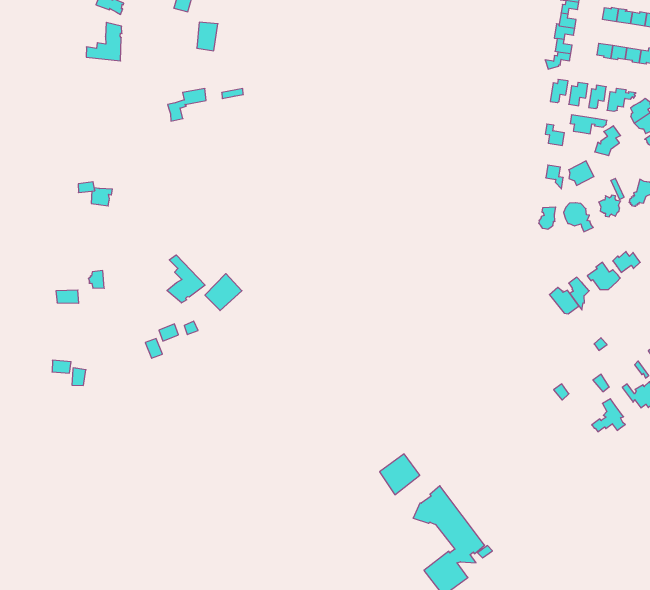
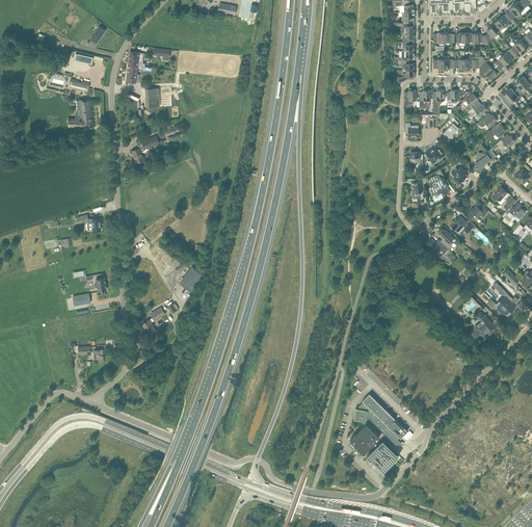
building: [167,255,205,303] -> none
building: [380,454,420,495] -> [350,424,379,454]

